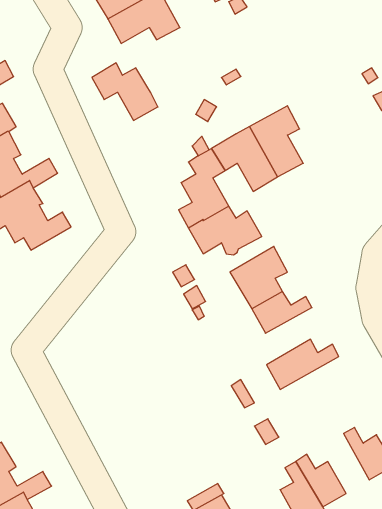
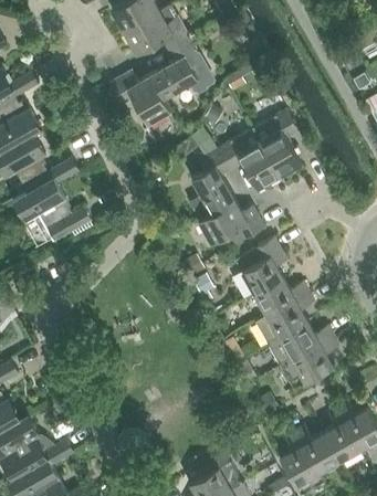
building: none -> [150,40,216,98]
building: none -> [256,293,315,345]
building: none -> [281,337,339,389]
building: none -> [324,407,362,461]

